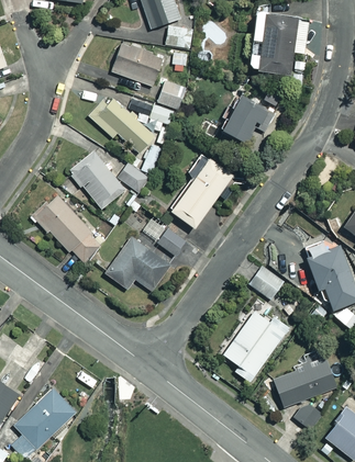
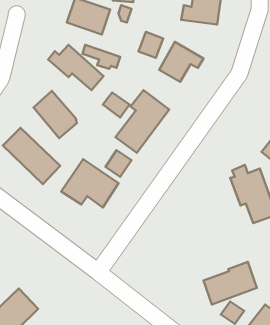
building: [157,79,187,110] -> [138,32,163,58]
building: [118,164,149,193] -> [103,93,130,118]
building: [249,269,281,300] -> none
building: [223,312,290,383] -> none

